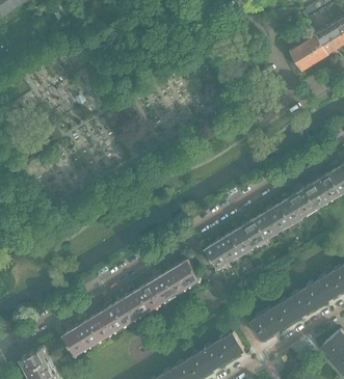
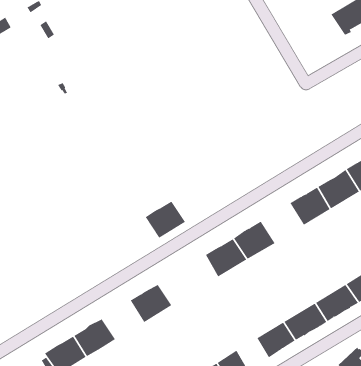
building: [289,36,327,72] -> none
building: [254,204,291,239] -> none
building: [162,261,199,294] -> [145,201,186,238]
building: [112,290,150,324] -> none

